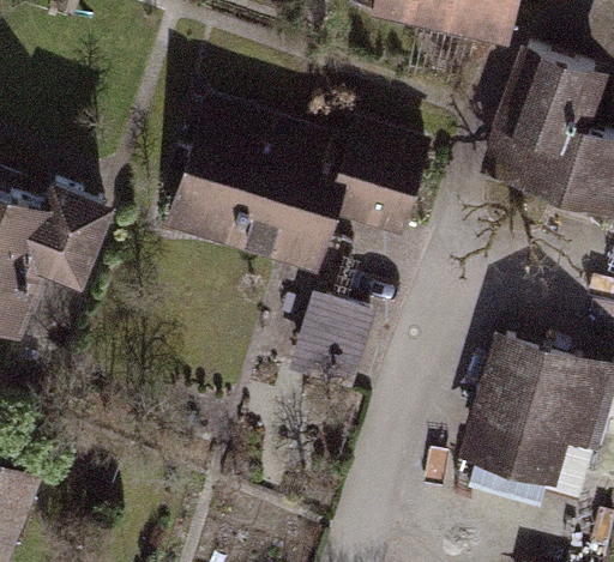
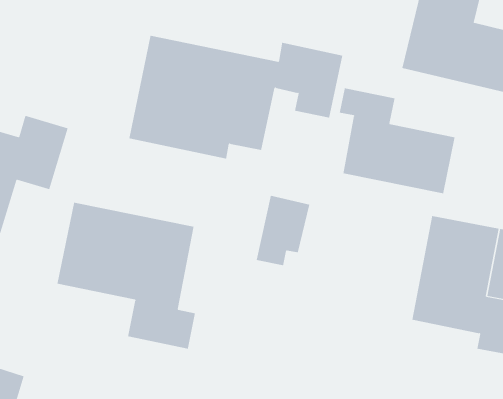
building: none -> [339,87,455,194]
building: none -> [57,202,196,349]

